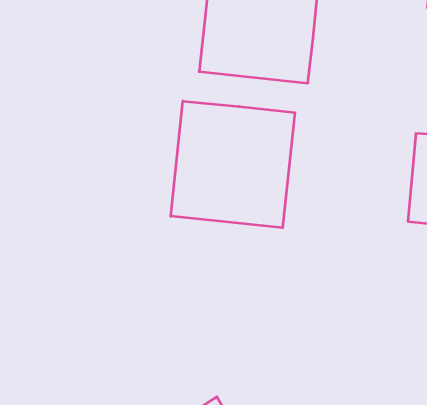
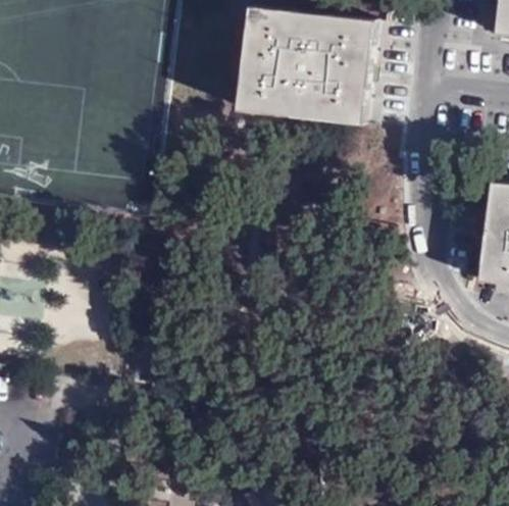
building: [171,101,295,228] -> none

